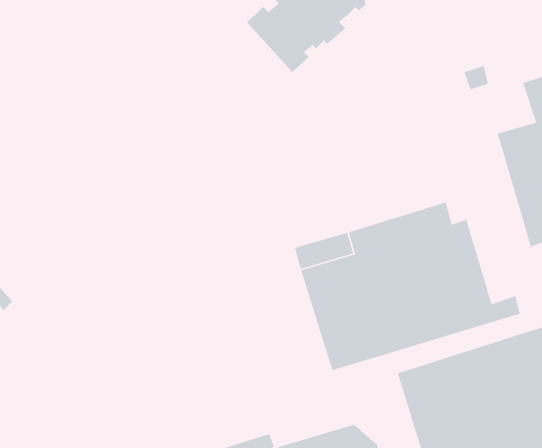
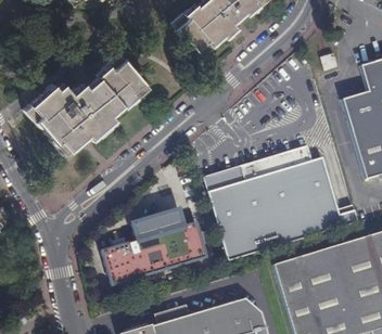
building: none -> [26,52,151,157]
building: none -> [102,210,205,285]

